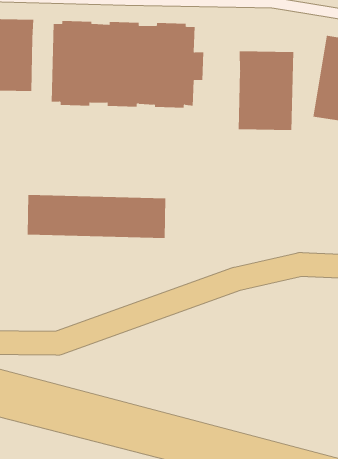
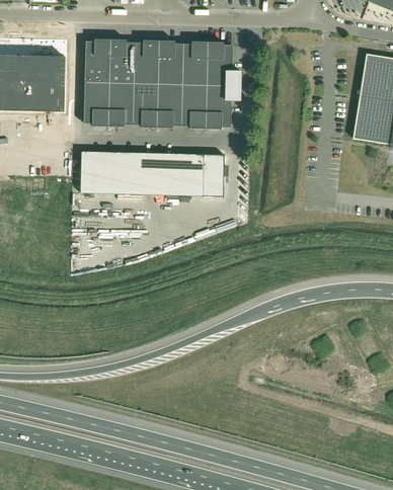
building: [238,50,294,131] -> none
building: [27,194,166,239] -> [79,156,223,201]

